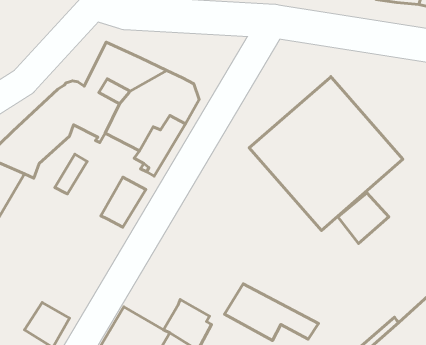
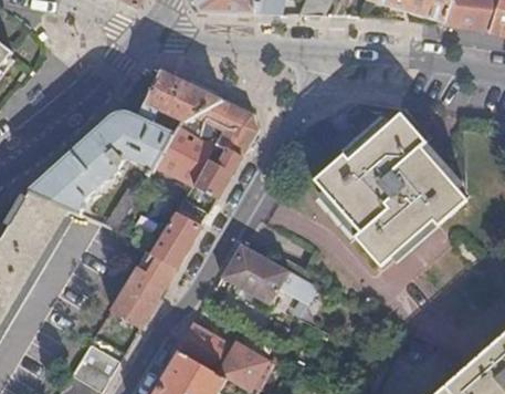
building: [338,193,389,243] -> none
building: none -> [113,257,176,325]
building: none -> [177,323,234,374]
building: [224,284,319,340] -> [220,243,319,303]

